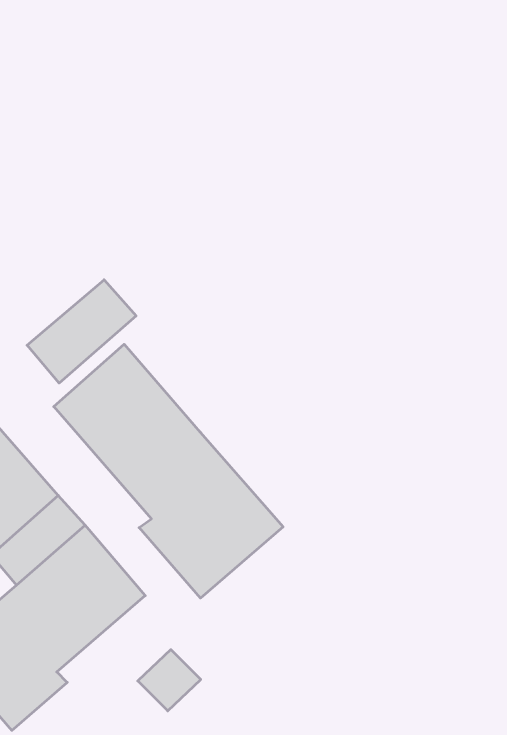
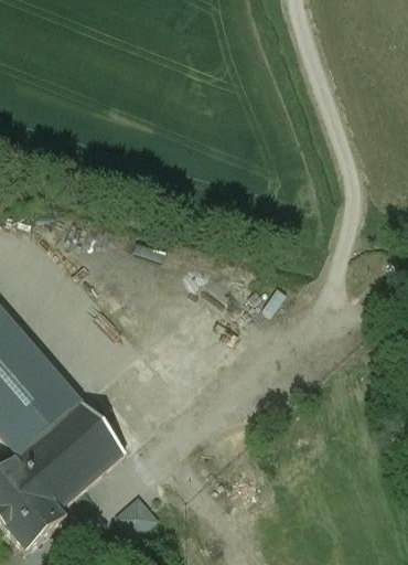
building: [27,280,136,383] -> none
building: [54,344,283,598] -> none

